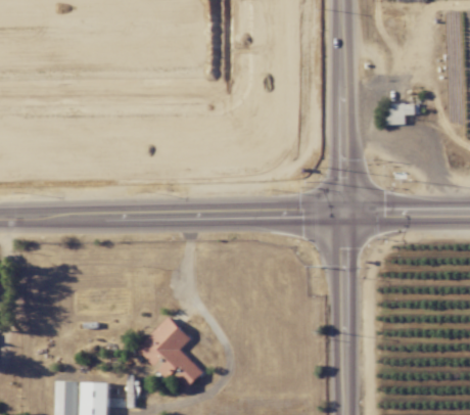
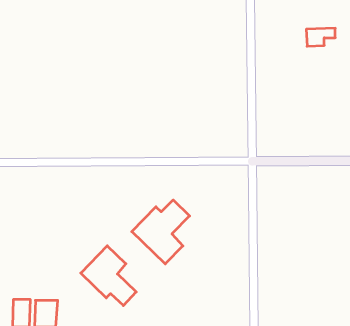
building: [384,103,419,125] -> [306,28,335,46]
building: none -> [132,200,190,264]

